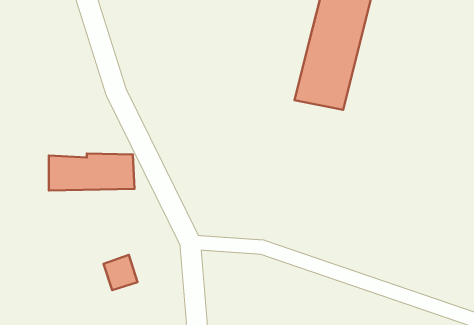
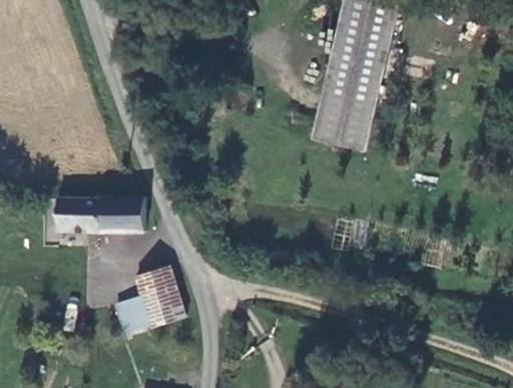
building: none -> [134,267,185,326]

